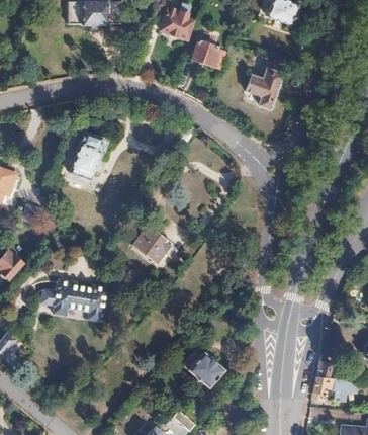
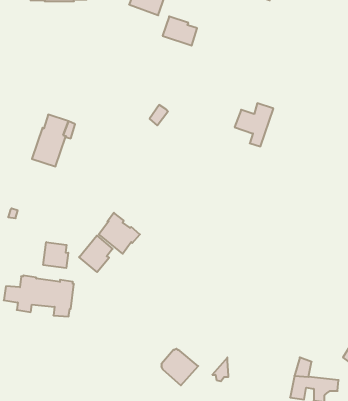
building: [245,68,281,108] -> [235,103,273,146]
building: none -> [79,236,113,272]
building: none -> [43,242,68,268]

